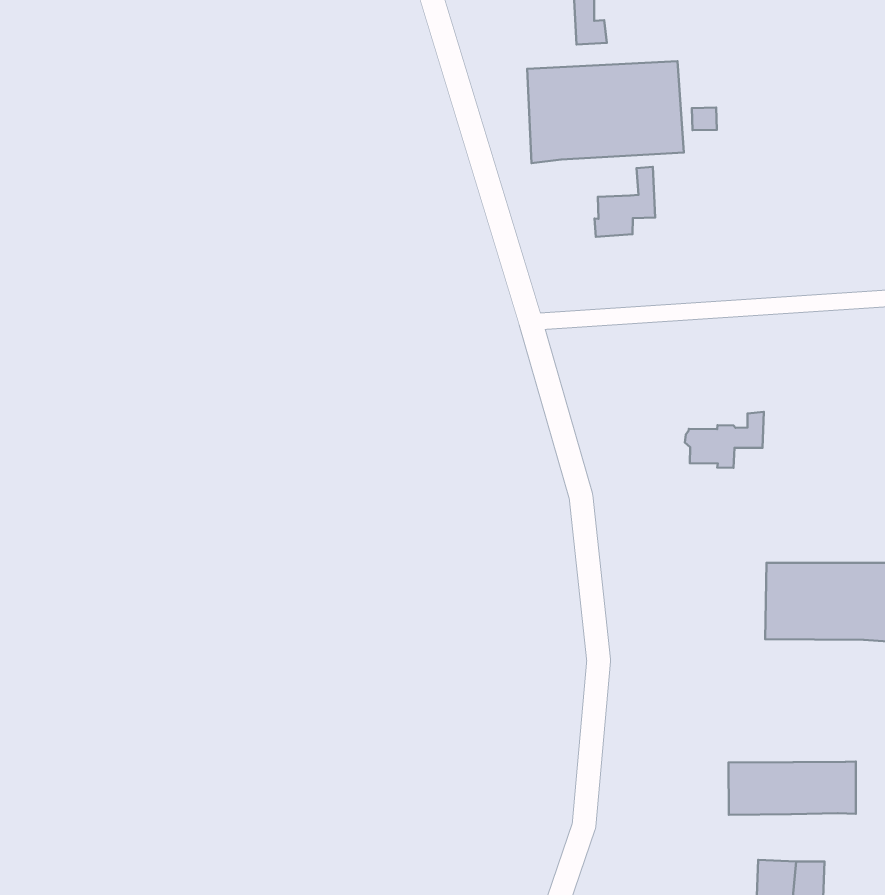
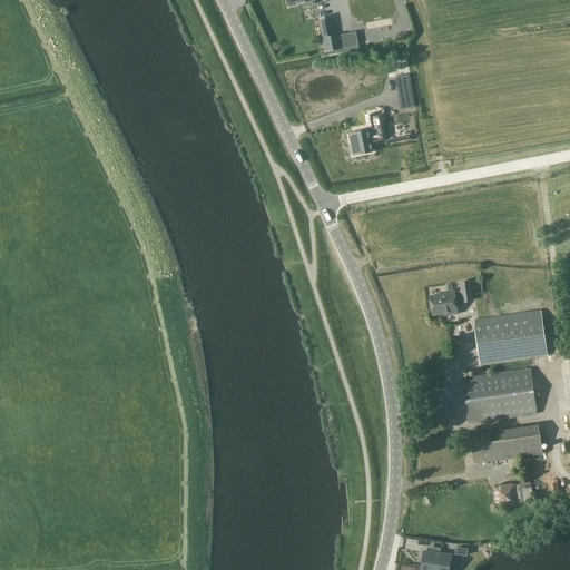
building: [527,61,684,163] -> none
building: [685,412,764,468] -> [429,279,472,314]
building: none -> [462,368,538,423]

